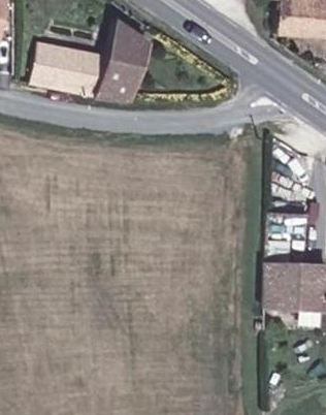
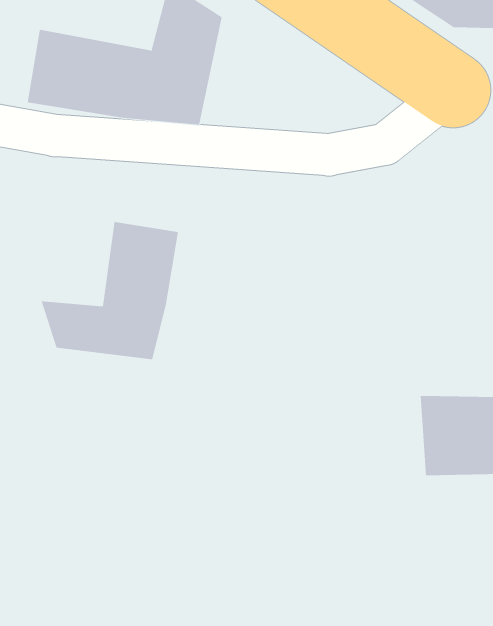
building: none -> [41,221,179,360]

